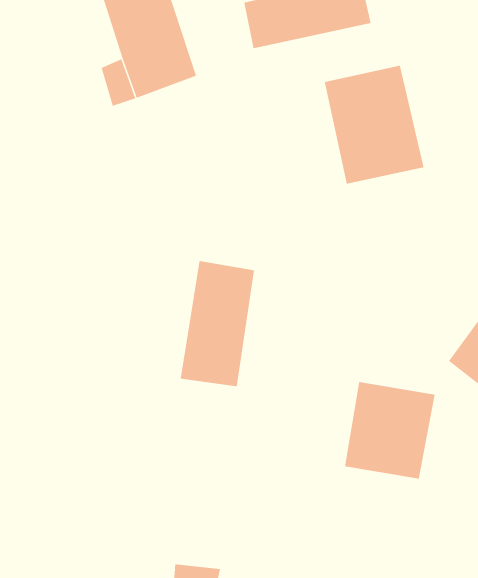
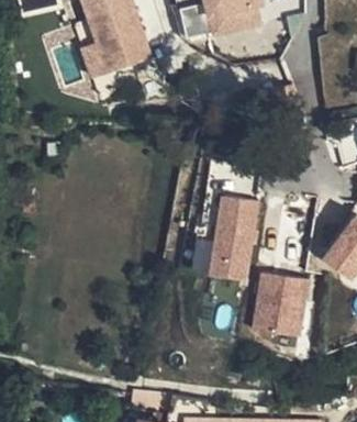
building: [324,65,424,184] -> none
building: [180,260,255,387] -> [209,193,260,280]

